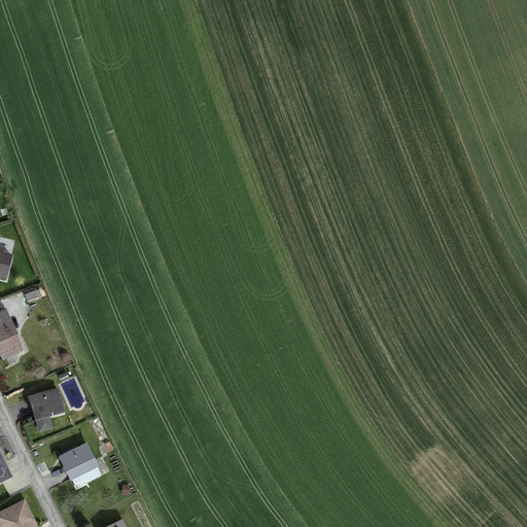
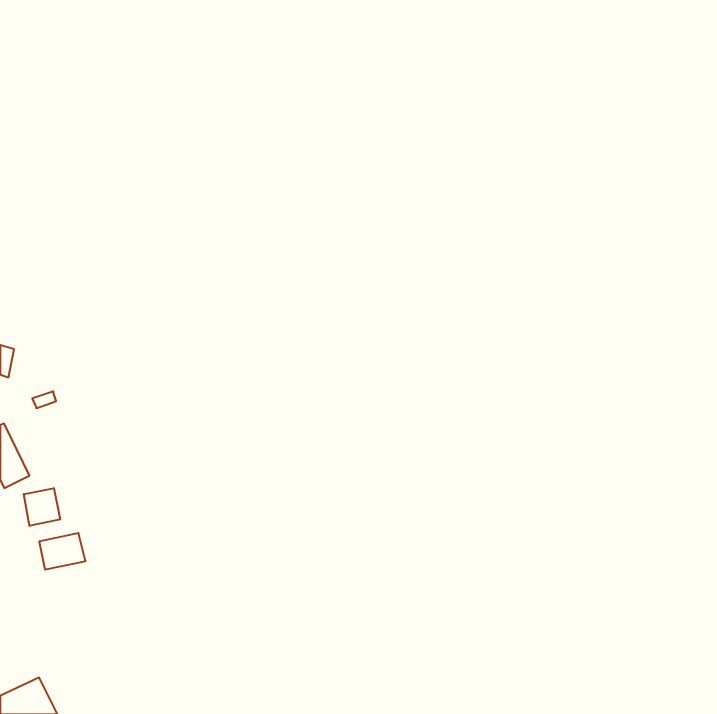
building: none -> [24,488,60,526]
building: [59,447,95,479] -> none

